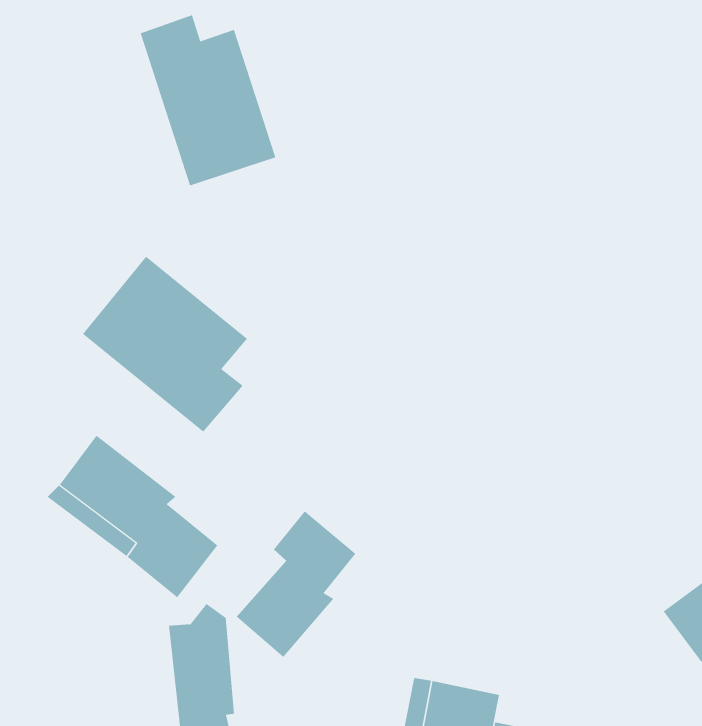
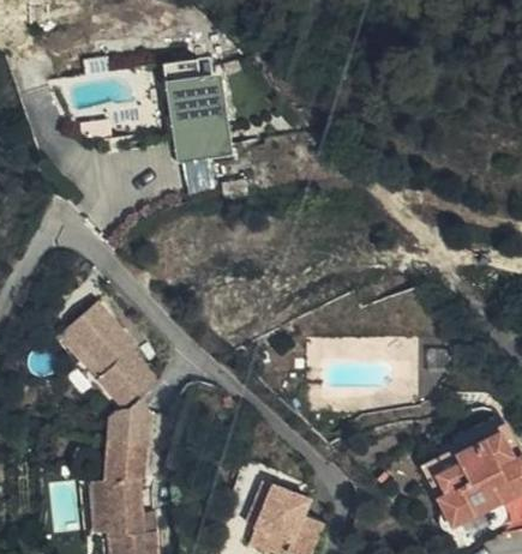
building: [82,256,248,432] -> none
building: [236,510,356,658] -> none

